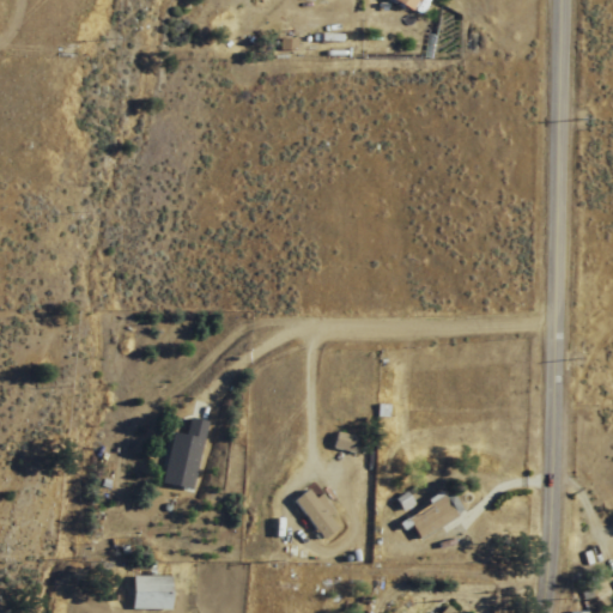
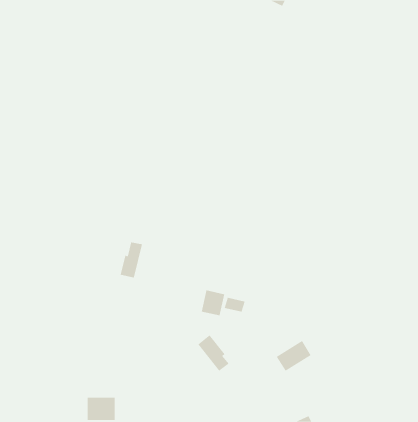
building: none -> [201,290,225,316]
building: [171,429,205,481] -> [120,242,143,278]

